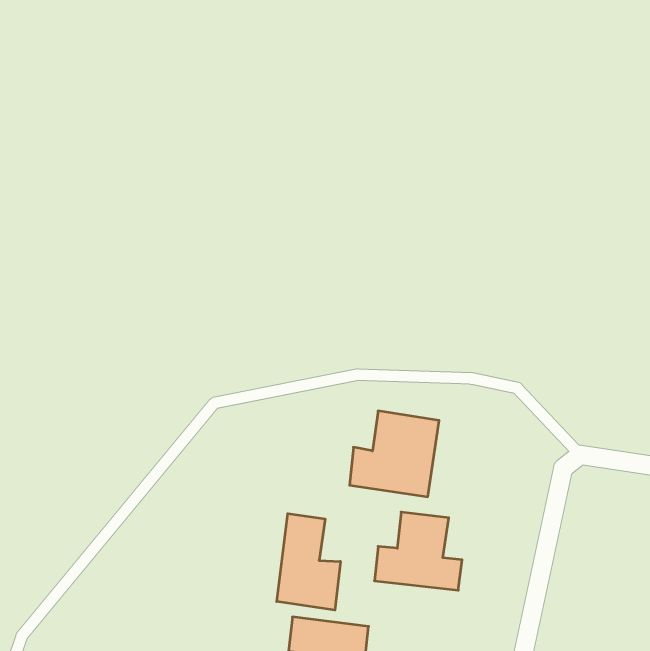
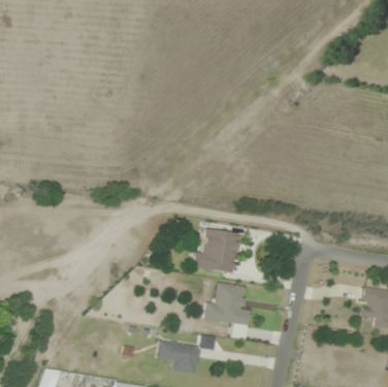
building: [277,514,340,610] -> none

